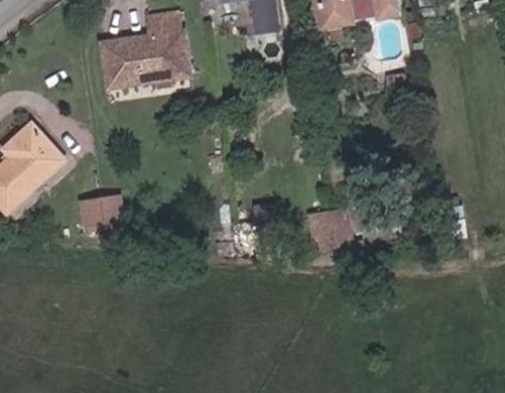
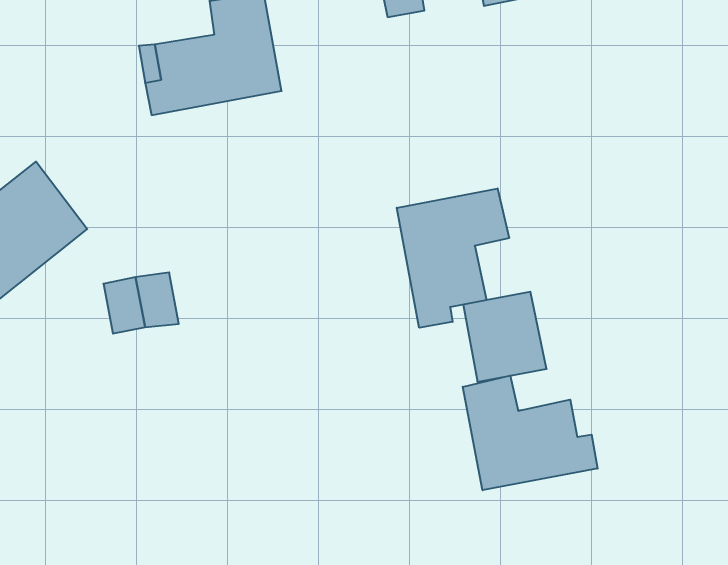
building: none -> [397,188,509,328]
building: none -> [463,376,598,490]

